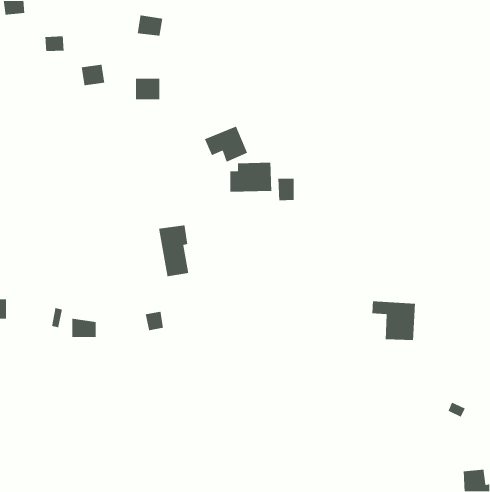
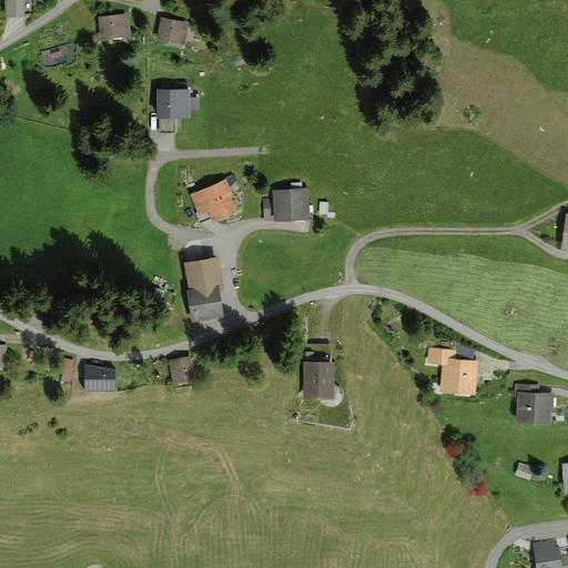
building: [81,64,105,86] -> [98,13,125,39]
building: [204,125,248,163] -> [191,180,242,223]
building: [278,178,294,201] -> none
building: none -> [304,358,338,395]
building: none -> [518,390,554,423]

